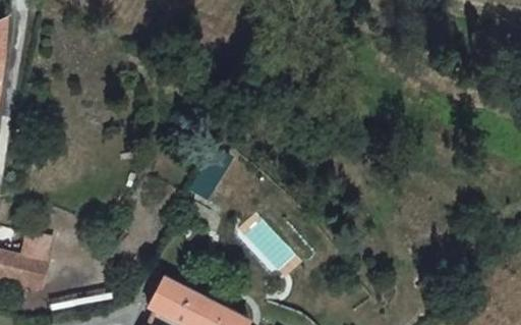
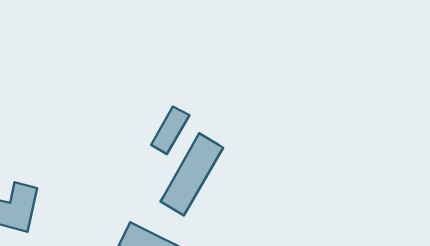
building: none -> [161,133,223,216]

